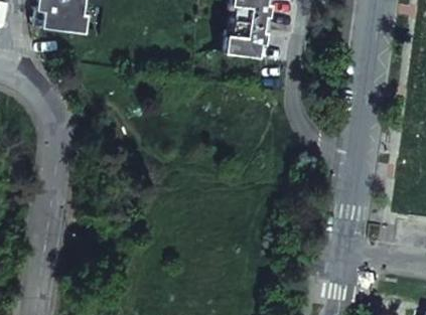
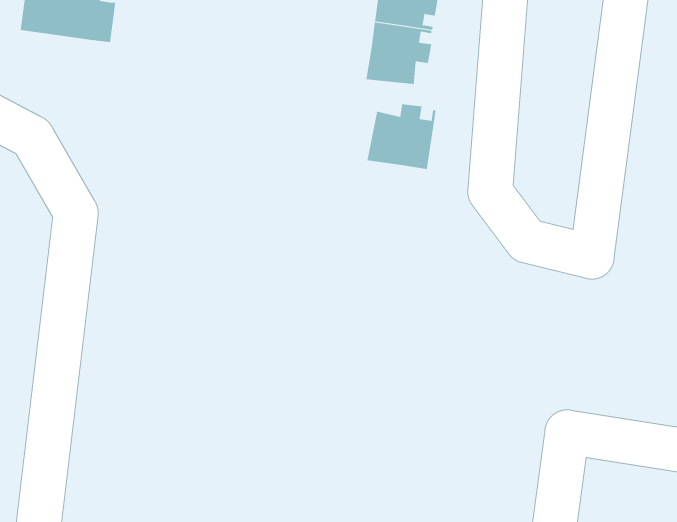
building: none -> [367,103,436,170]

